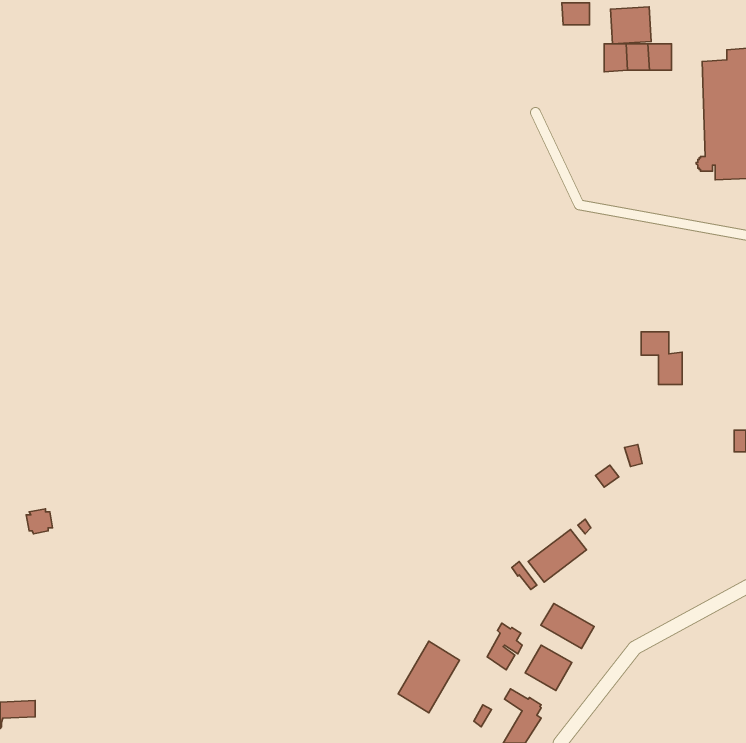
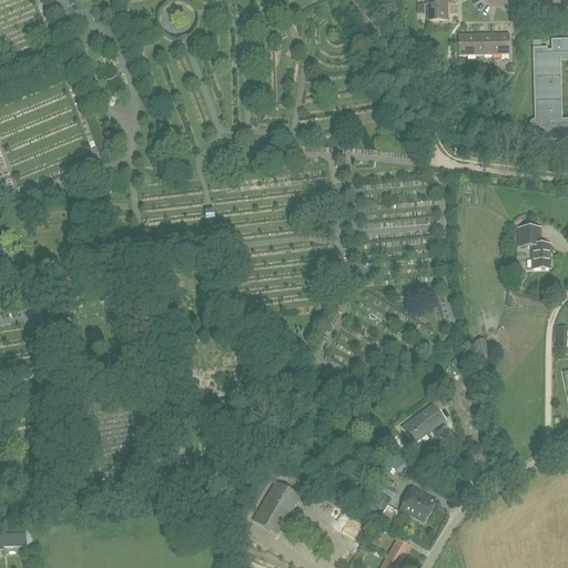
building: [610,7,651,44] -> none
building: [641,332,682,384] -> [519,226,550,266]
building: [541,603,594,648] -> none
building: [398,641,459,713] -> [254,479,301,534]

